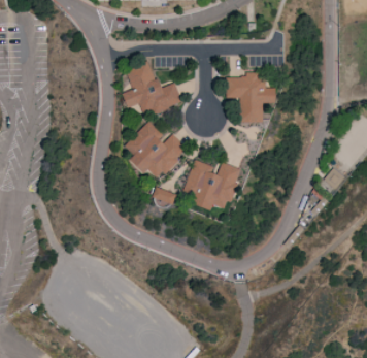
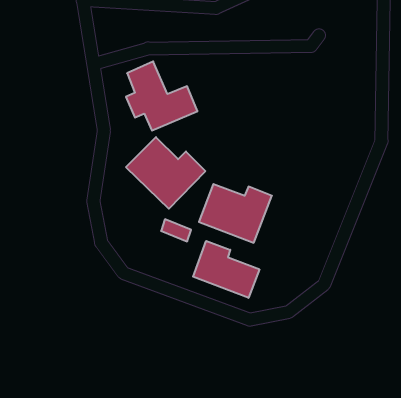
building: [226,72,269,125] -> none
building: none -> [193,241,259,298]

